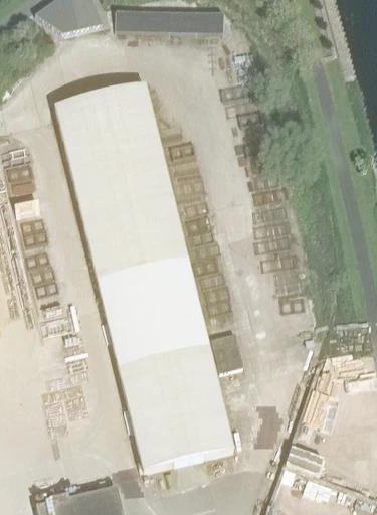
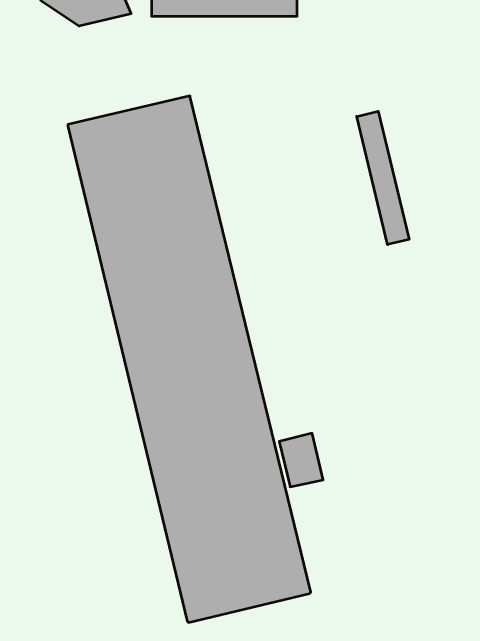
building: none -> [357,111,409,245]

